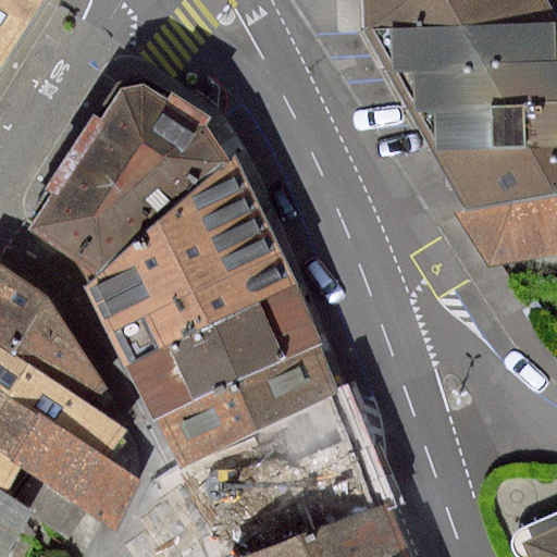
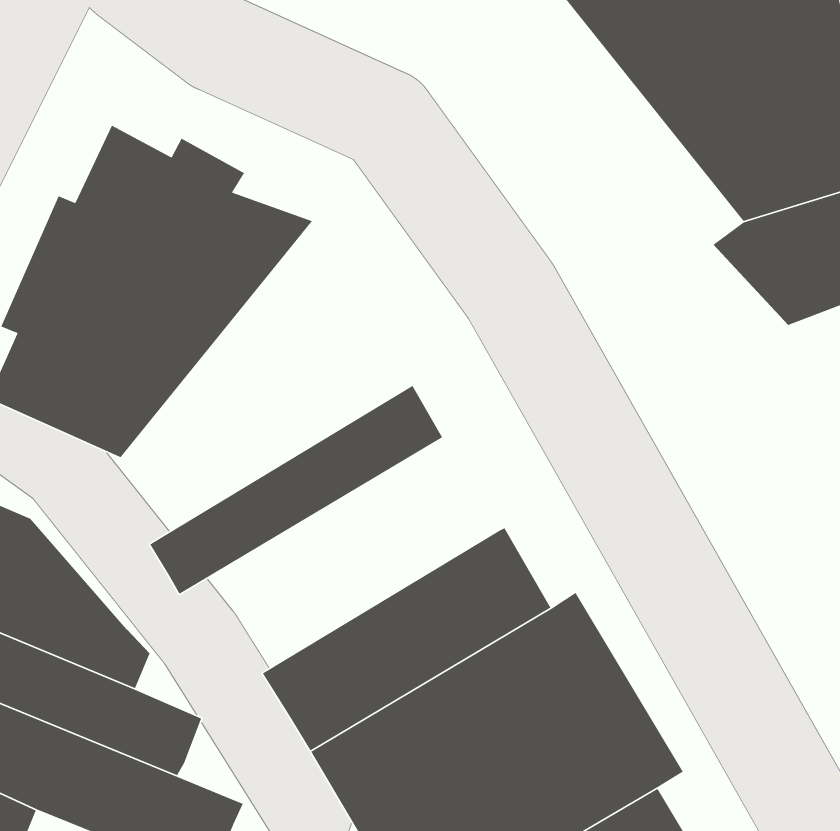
building: [96,159,276,325] -> none
building: [124,294,311,416] -> none

